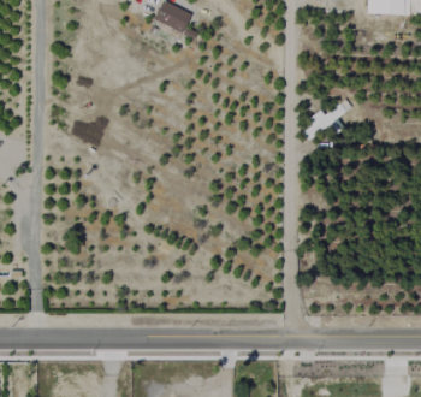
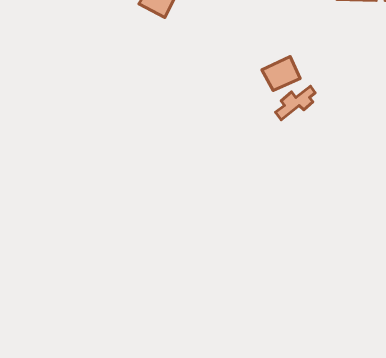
building: none -> [262,56,300,91]

